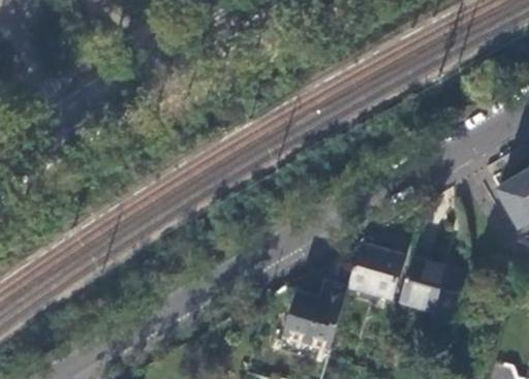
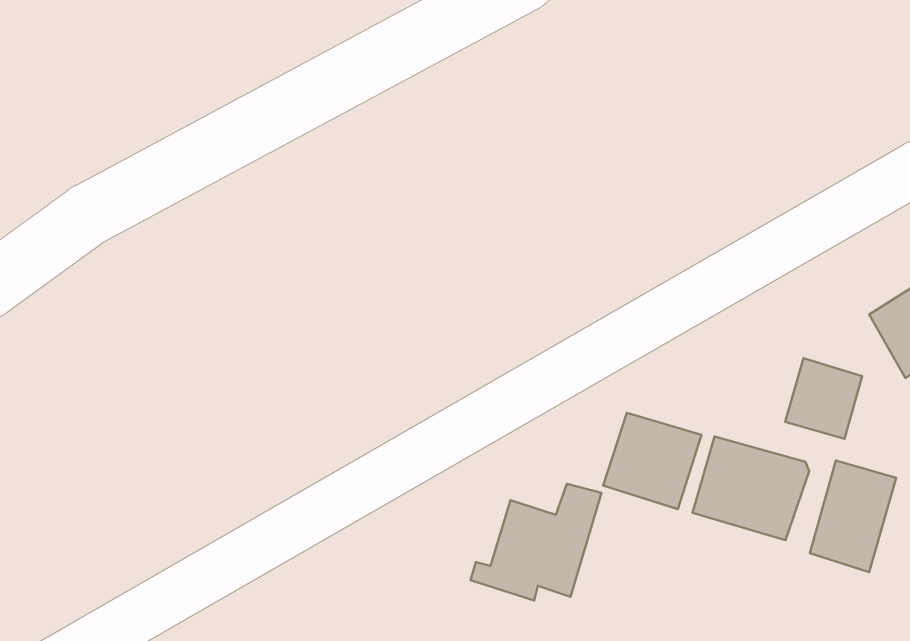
building: none -> [785,358,862,439]
building: none -> [810,460,896,572]

